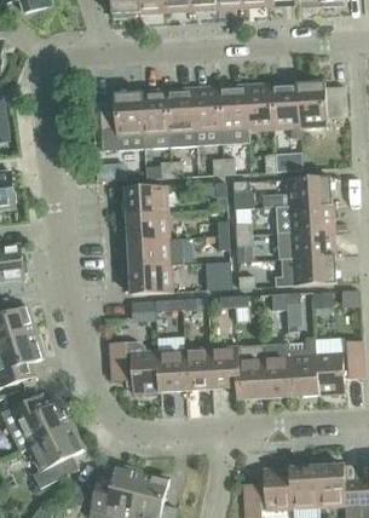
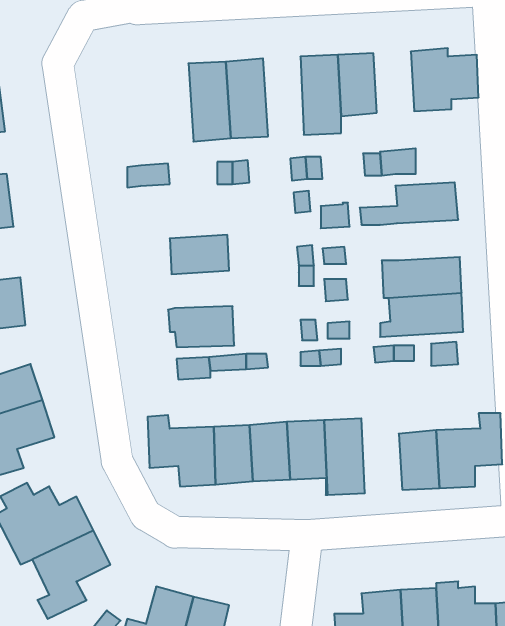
building: [271,84,300,137] -> none
building: [192,87,221,144] -> none
building: [99,92,143,150] -> none
building: [121,186,167,217] -> none
building: [276,203,333,232] -> none
building: [127,238,183,266] -> none
building: [263,345,292,398] -> none

